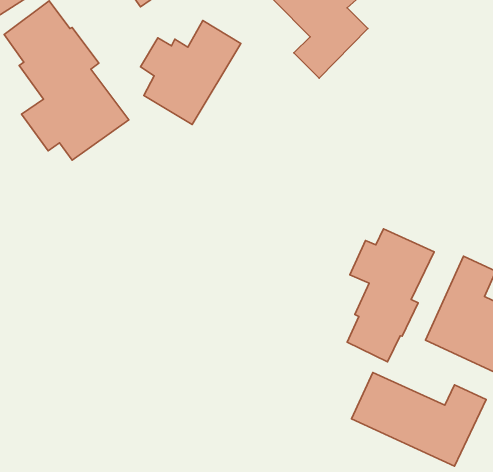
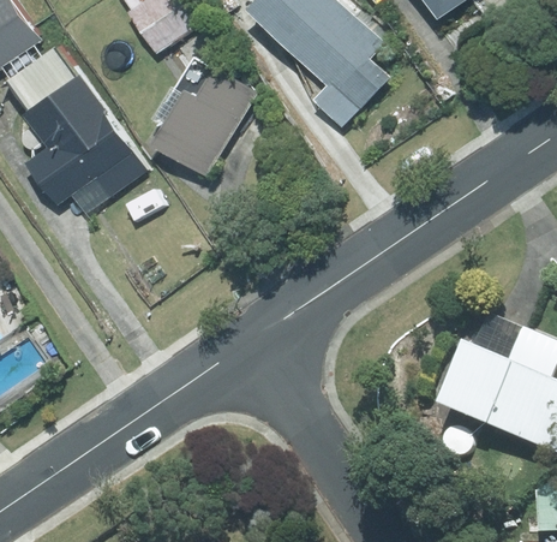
building: [347,229,434,362] -> none
building: [351,373,486,466] -> none

